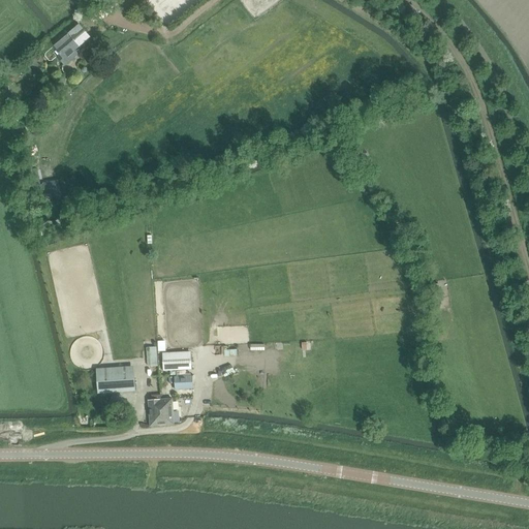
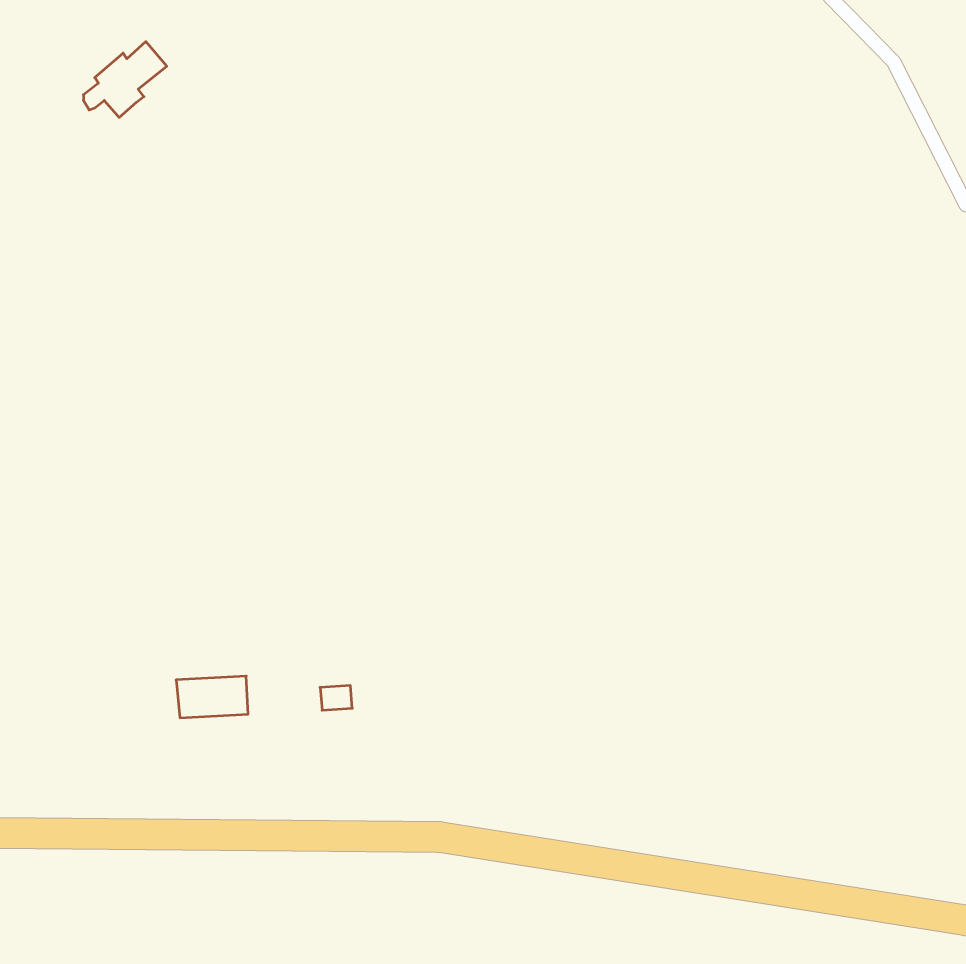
building: [161,351,191,370] -> none
building: [149,397,174,424] -> none

